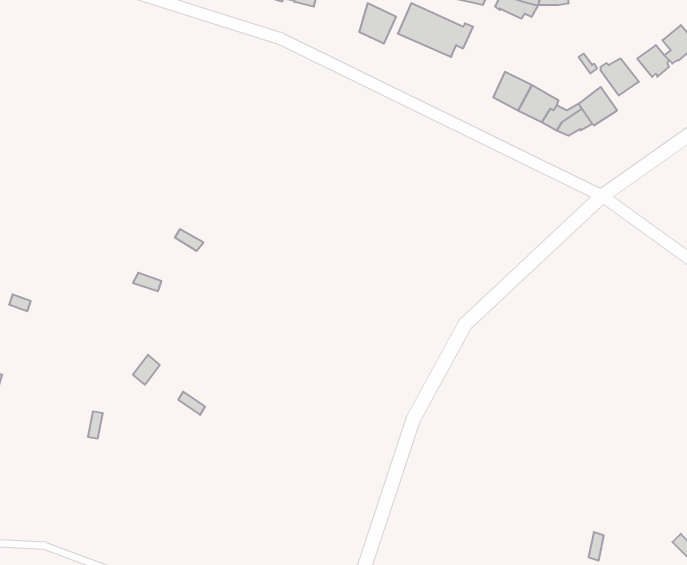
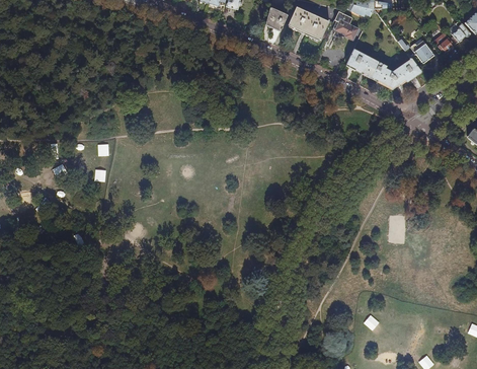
building: none -> [333,11,359,40]

